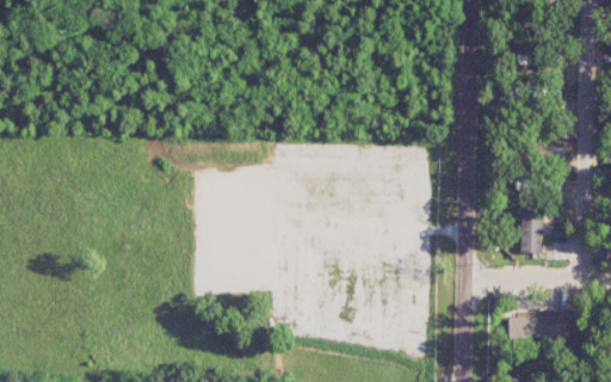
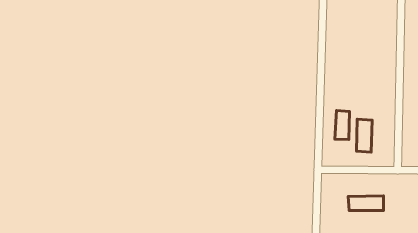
building: none -> [335,110,349,139]

